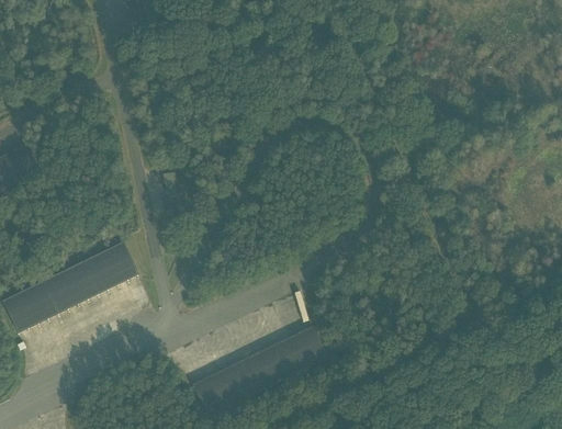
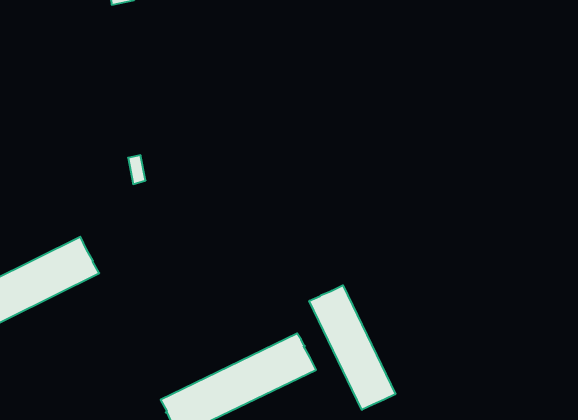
building: none -> [309,285,395,410]

